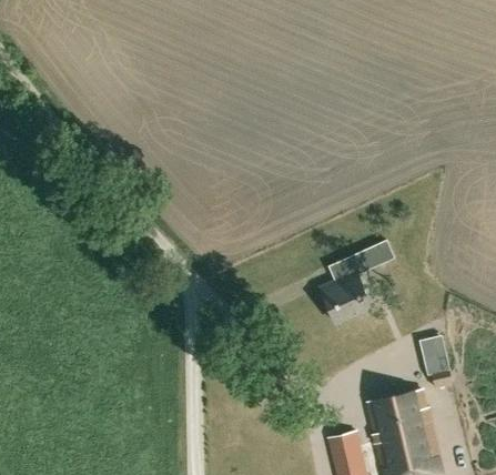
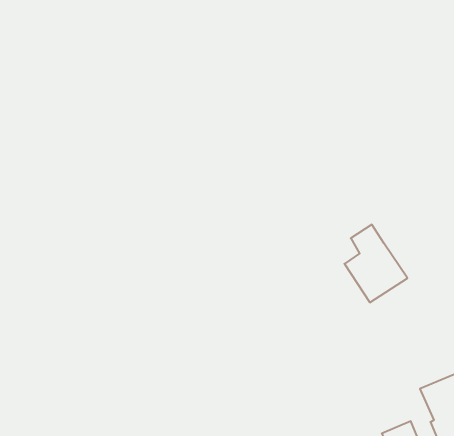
building: [350,238,395,272] -> none

